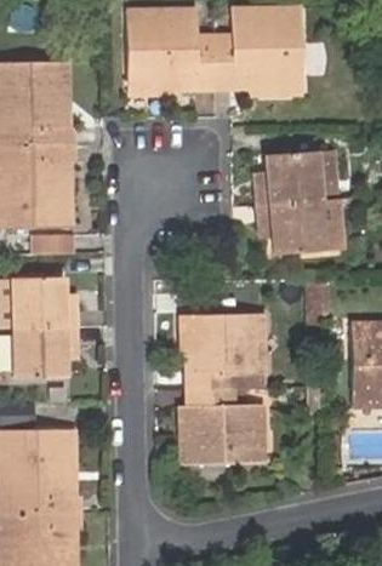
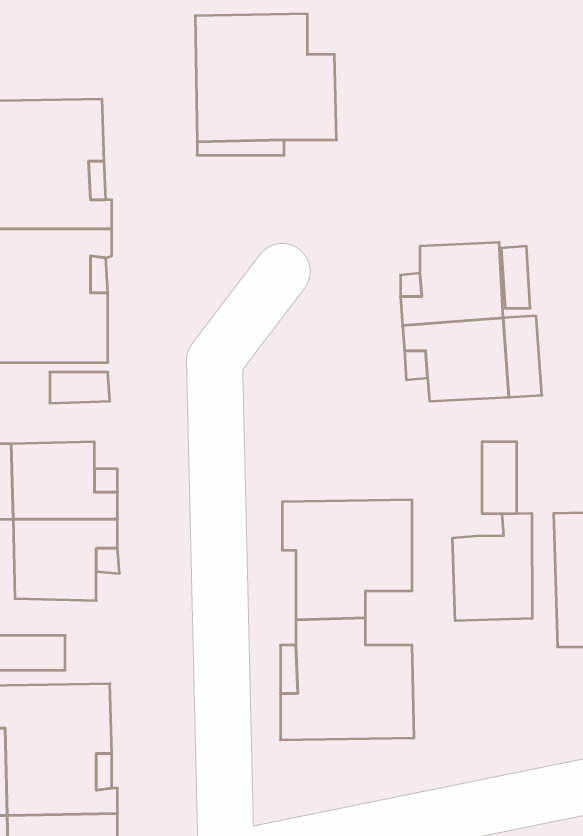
building: [213,8,302,88] -> none
building: none -> [453,513,532,621]

